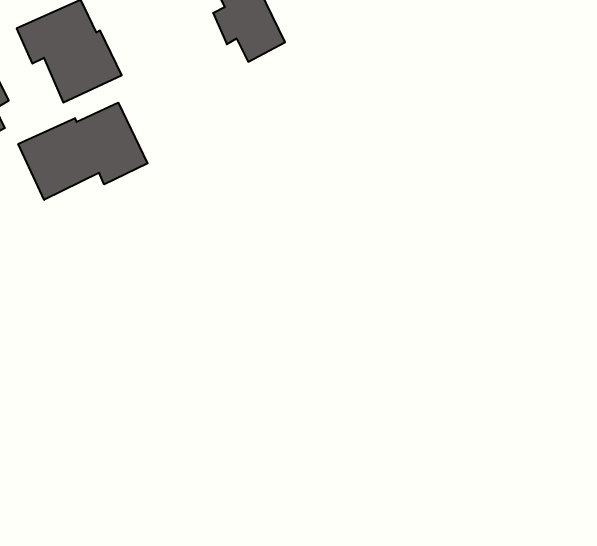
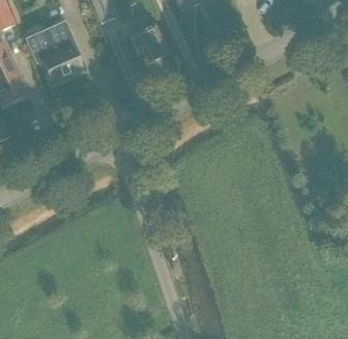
building: [18,103,148,200] -> none

